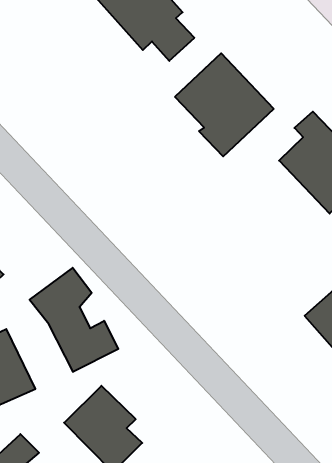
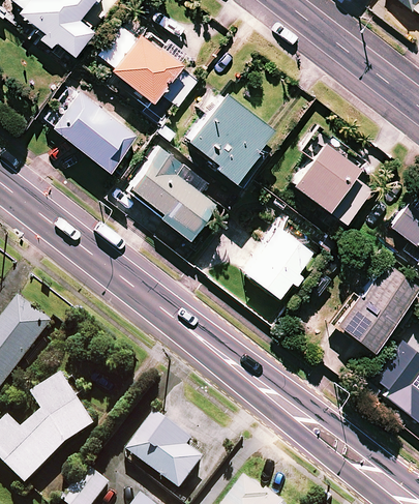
building: none -> [47,92,134,171]
building: none -> [127,148,213,237]
building: none -> [243,227,310,295]
building: [30,268,118,372] -> none

